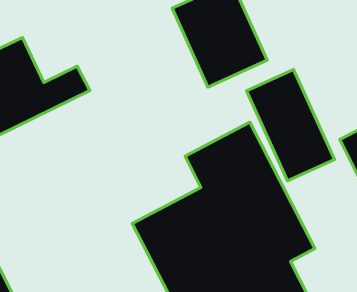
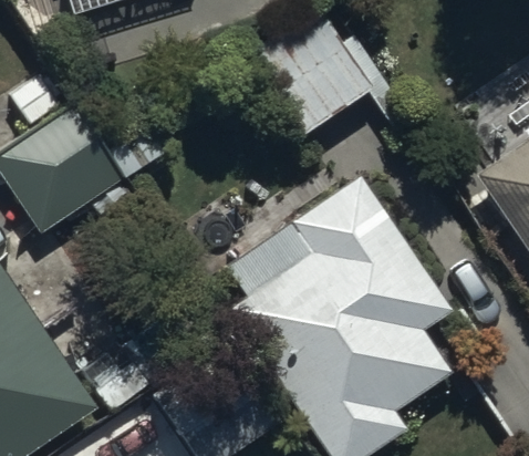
building: [247,69,334,181] -> none

